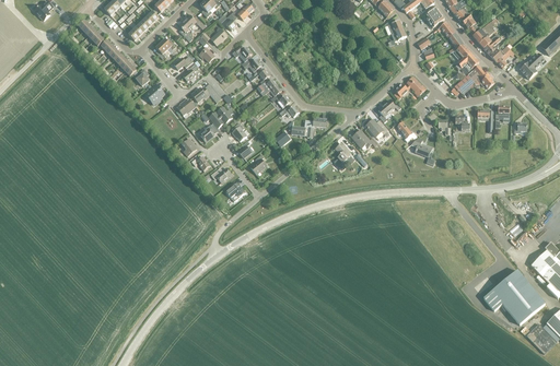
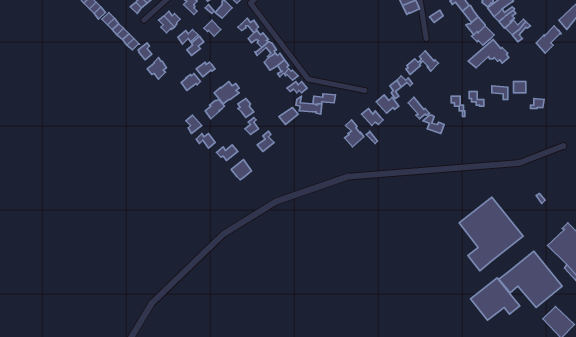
building: none -> [459,197,523,271]
building: none -> [471,278,520,320]

